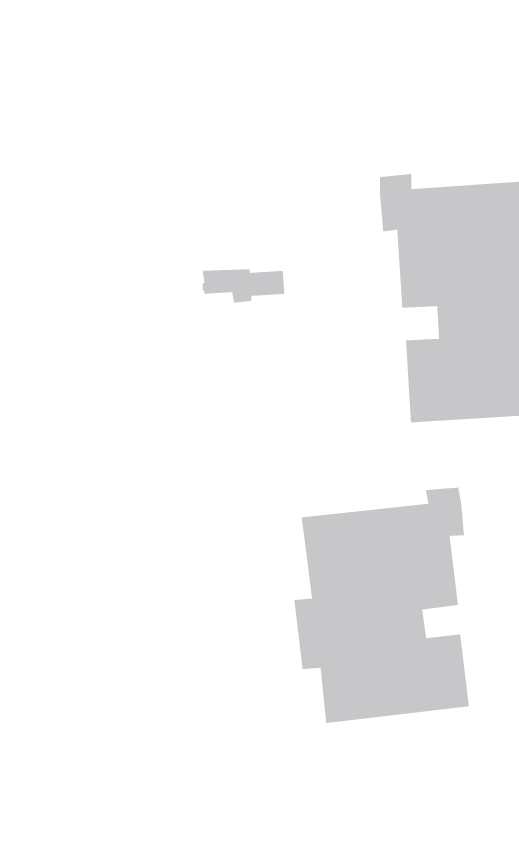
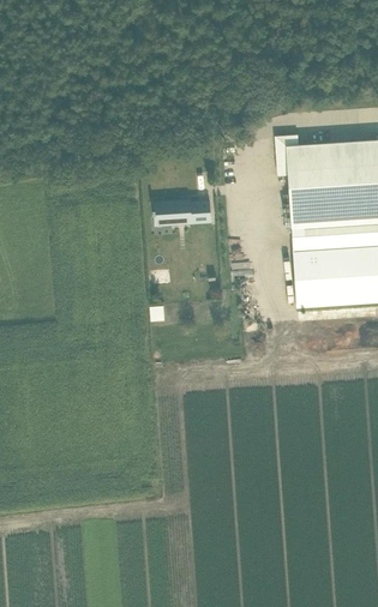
building: [293,487,470,724] -> none

